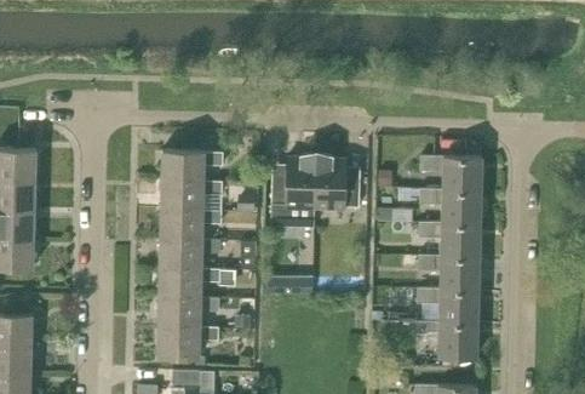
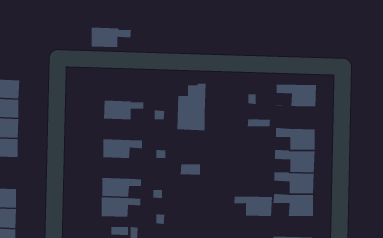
building: [162,149,224,181] -> [91,27,132,48]
building: [315,154,360,207] -> none
building: [398,188,481,223] -> none
building: [160,209,222,239] -> none
building: [159,267,236,297] -> none
building: none -> [233,196,273,217]

